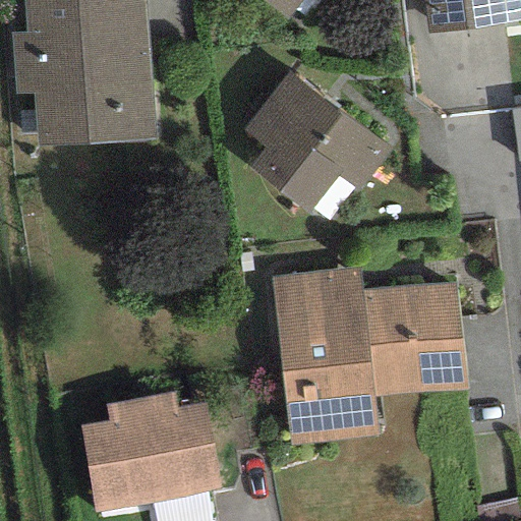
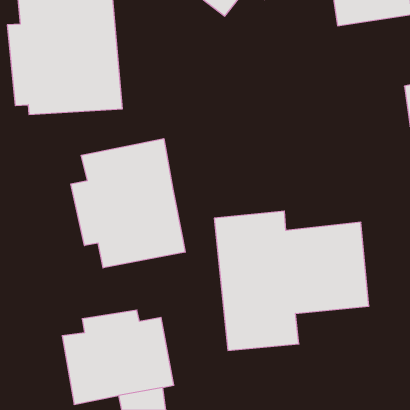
building: [241,68,392,213] -> none
building: none -> [71,139,185,268]

